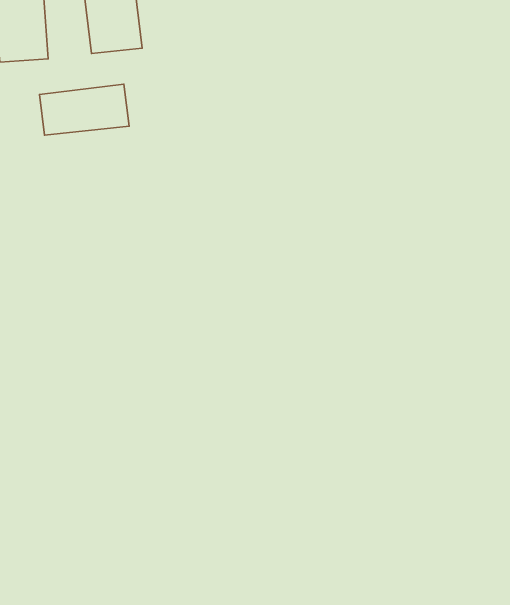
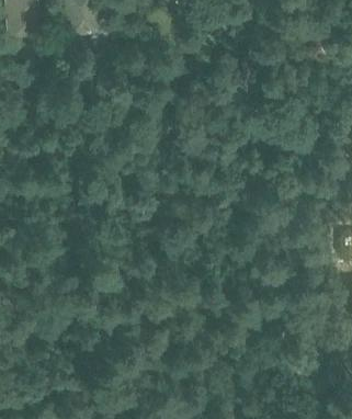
building: [40,84,129,135] -> none

